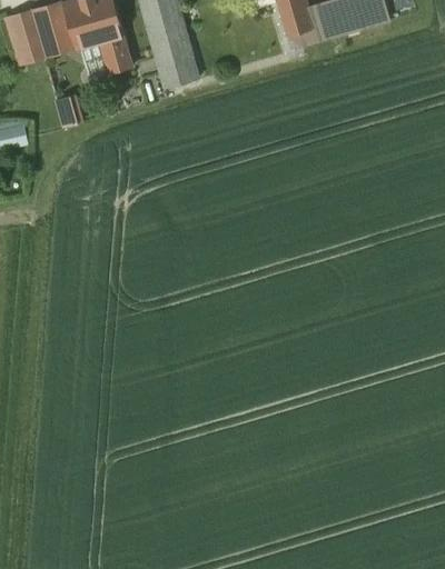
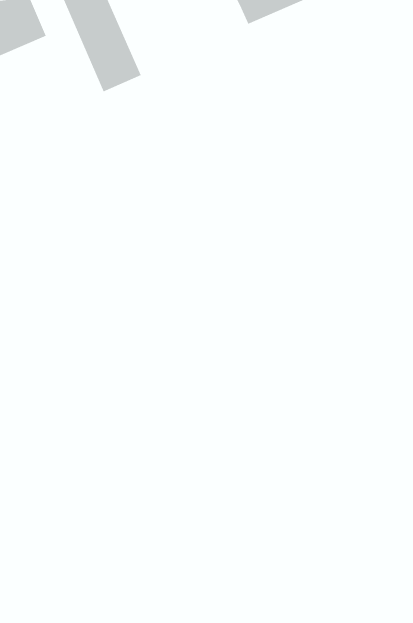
building: [99,36,131,72] -> none

